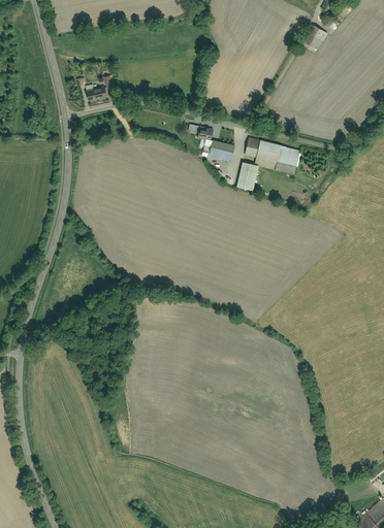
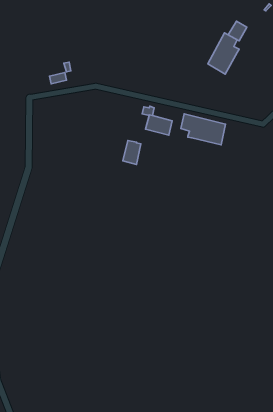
building: none -> [208,33,239,74]
building: [237,162,259,191] -> [123,140,141,164]

